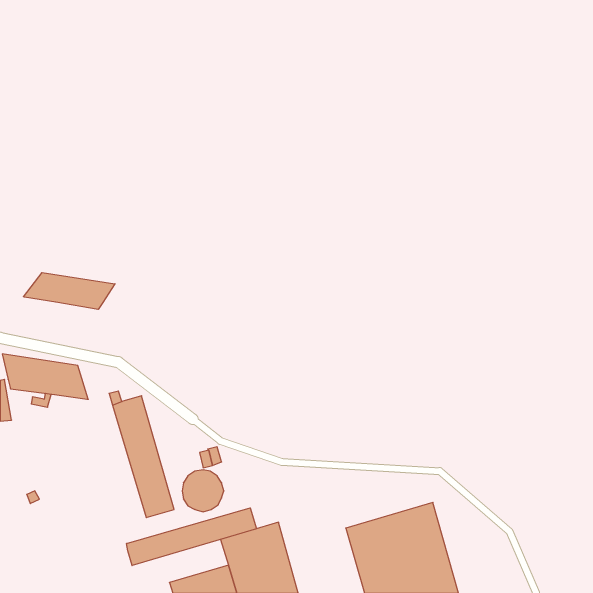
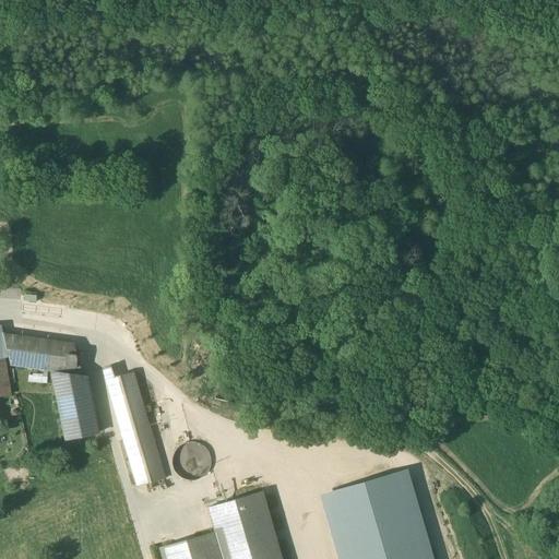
building: [23,273,115,309] -> none
building: none -> [51,371,98,440]
building: [127,508,256,566] -> none

